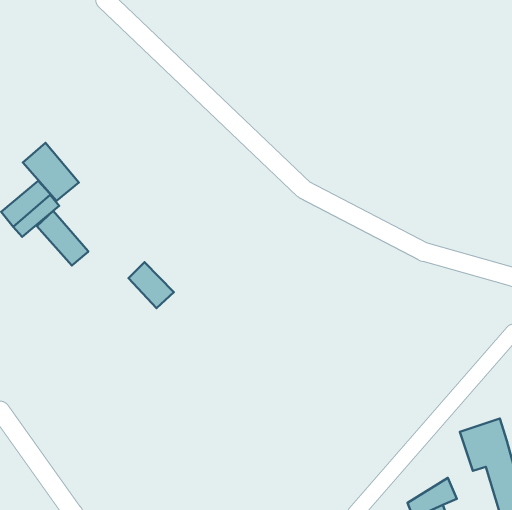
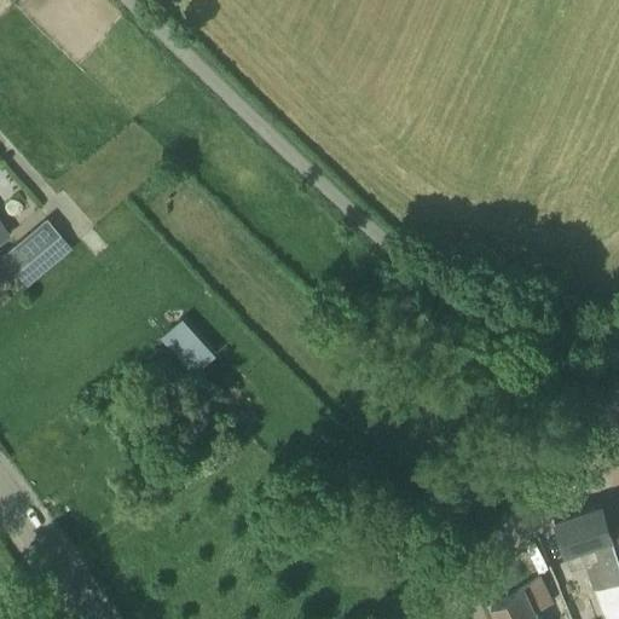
building: [23,143,79,201] -> none
building: [37,211,88,265] -> none

